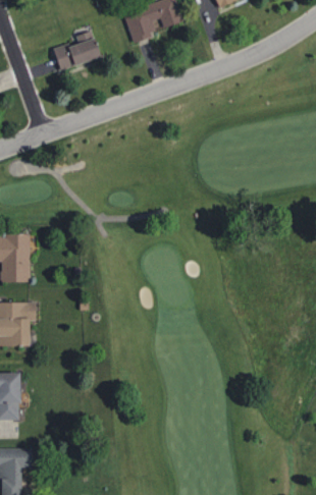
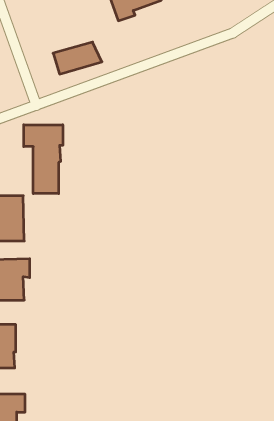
building: [48,36,101,70] -> [53,42,102,74]
building: none -> [24,125,63,194]

